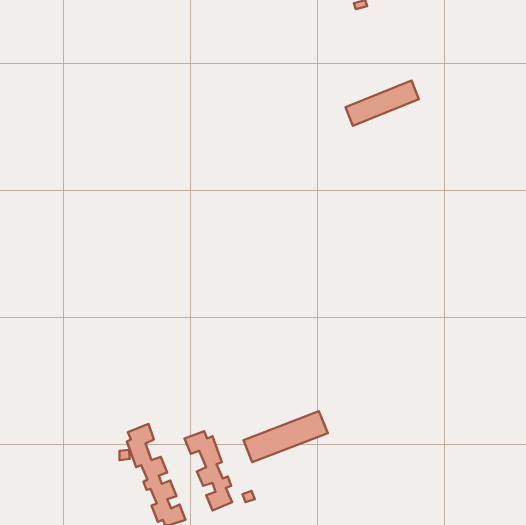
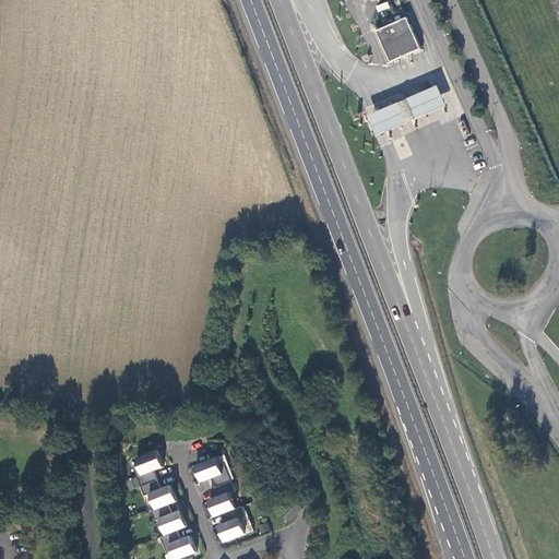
building: none -> [372,15,420,64]
building: [244,411,328,462] -> none

